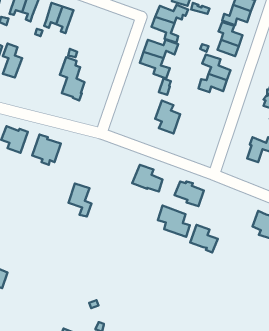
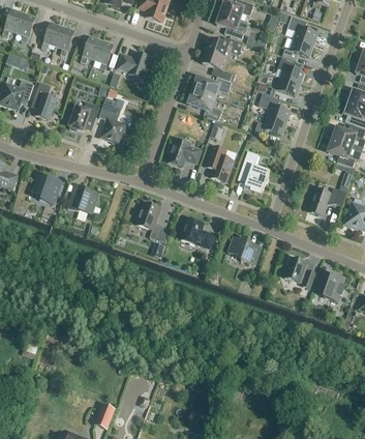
building: none -> [117,52,150,78]
building: none -> [69,103,98,130]
building: none -> [168,138,202,167]
building: none -> [238,150,270,195]
building: [68,183,91,217] -> [136,202,162,239]
building: [158,206,190,237] -> none
building: [190,225,218,253] -> [284,257,315,288]

